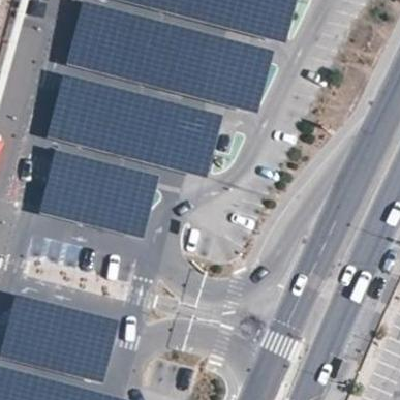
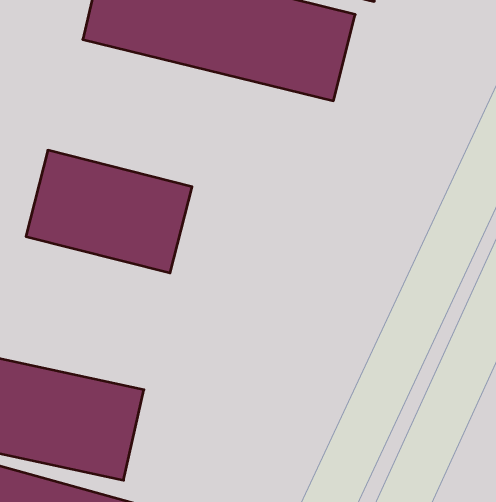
building: [44,78,206,174] -> none

